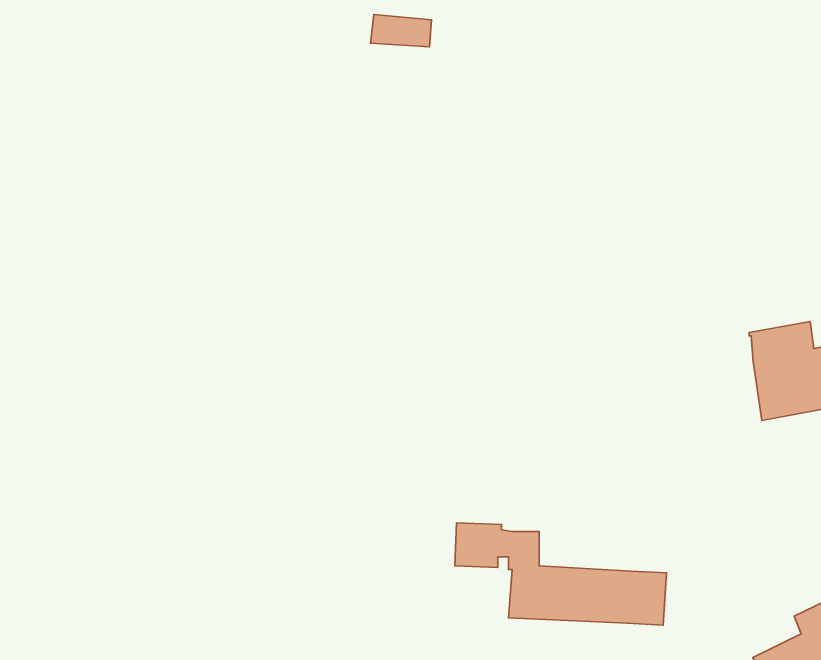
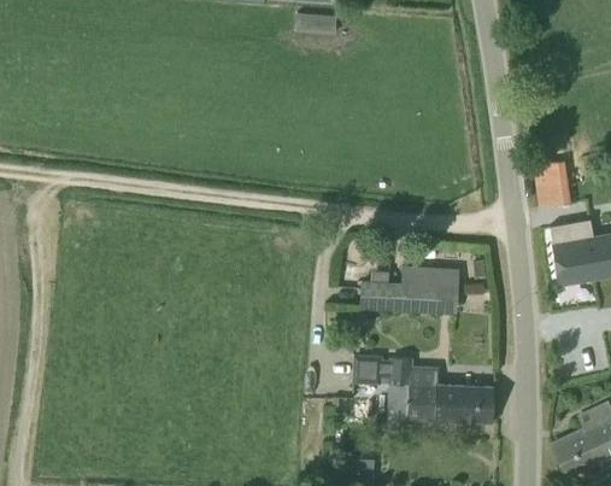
building: none -> [534,162,570,209]
building: none -> [360,268,459,311]

